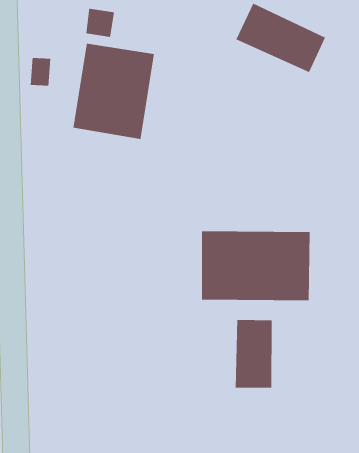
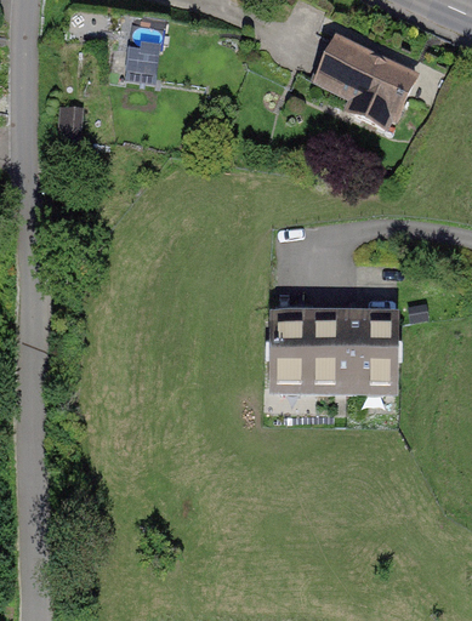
building: [73,43,155,140] -> none
building: [235,319,272,389] -> none

